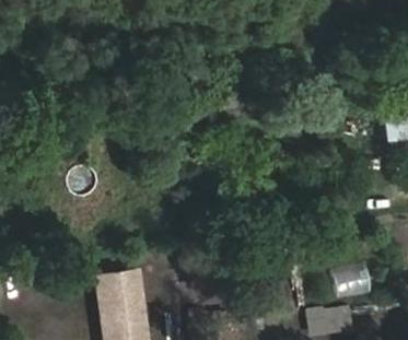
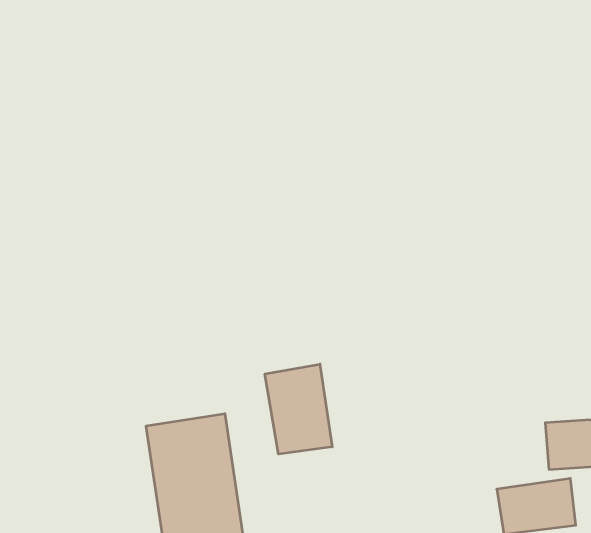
building: none -> [265,364,332,454]

